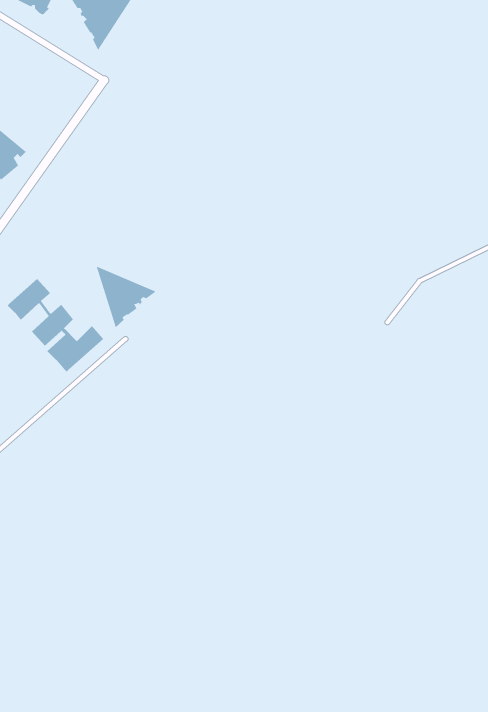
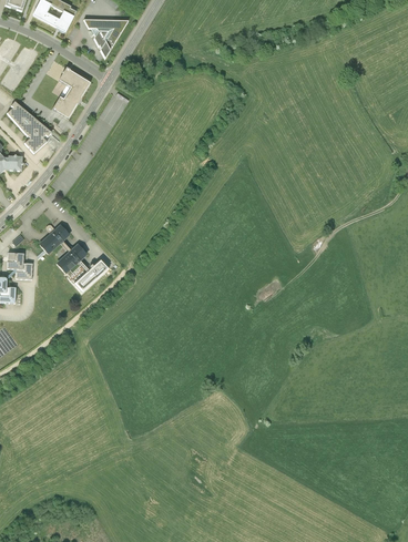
building: none -> [51,67,89,117]
building: [96,266,157,328] -> none

